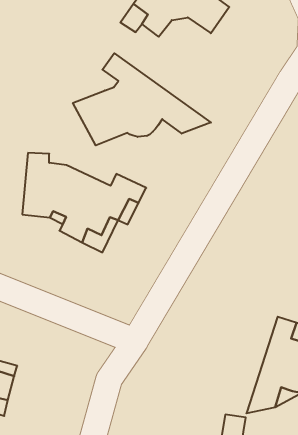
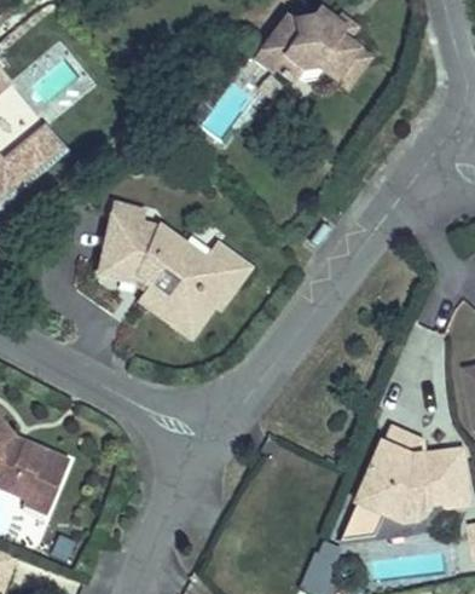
building: [73,53,211,145] -> none

